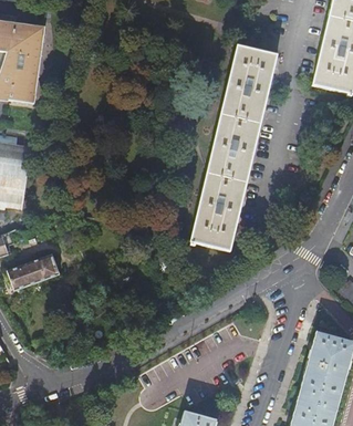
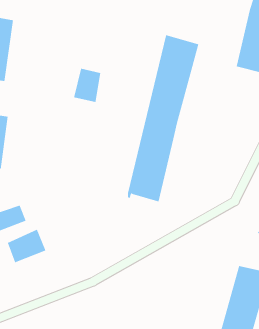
building: none -> [74,68,101,103]
building: none -> [7,229,46,263]

